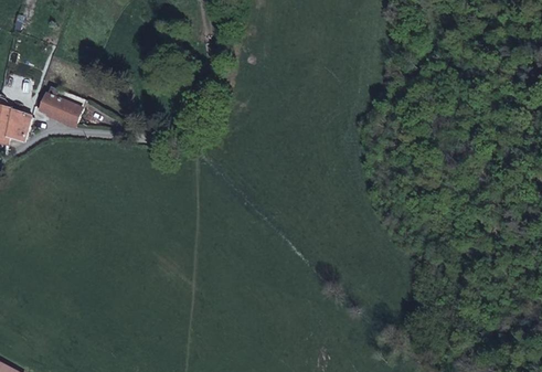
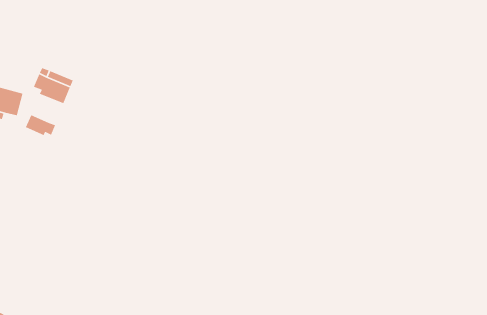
building: none -> [25,114,56,136]

